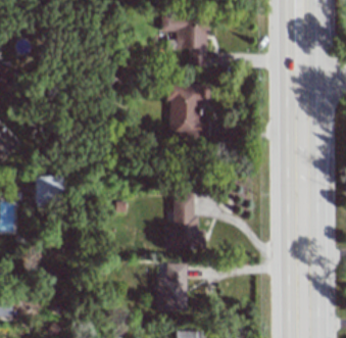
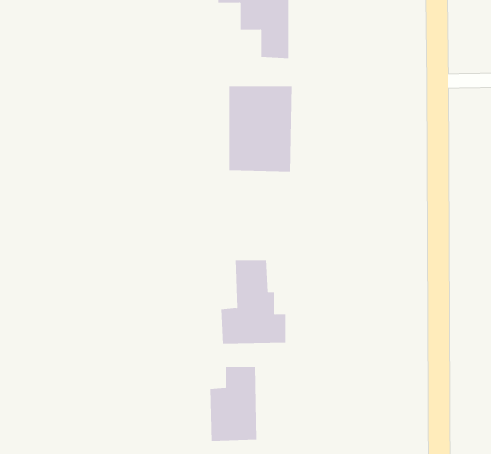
building: [36,176,64,207] -> none

